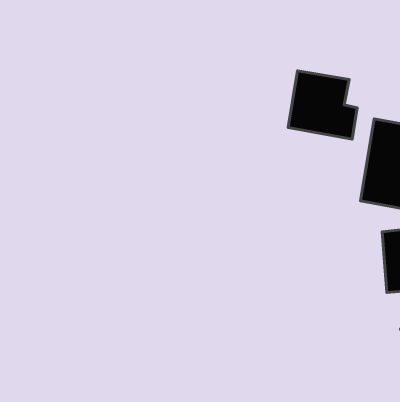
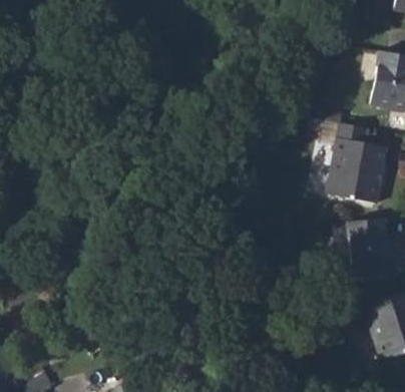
building: [288,71,357,139] -> none

